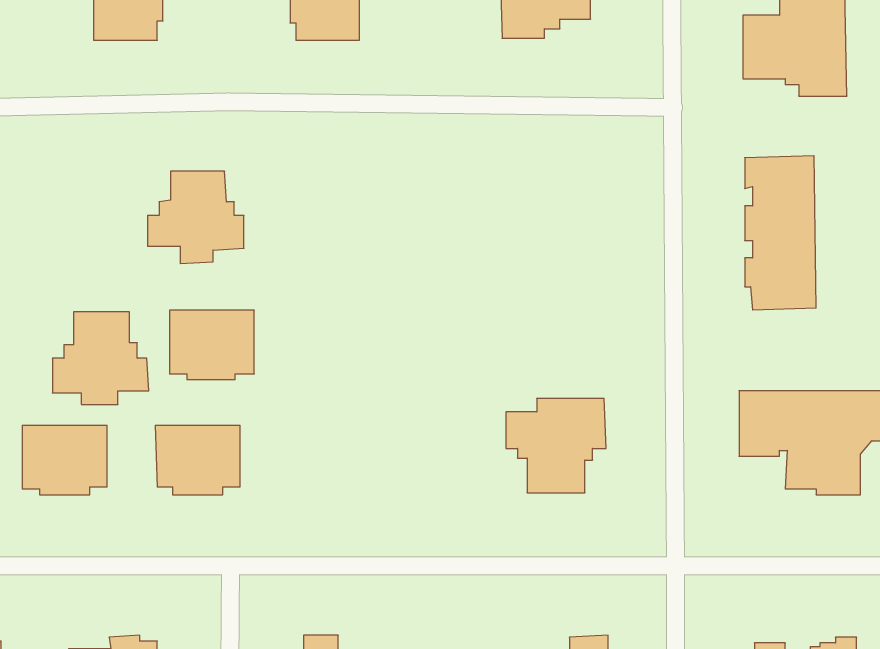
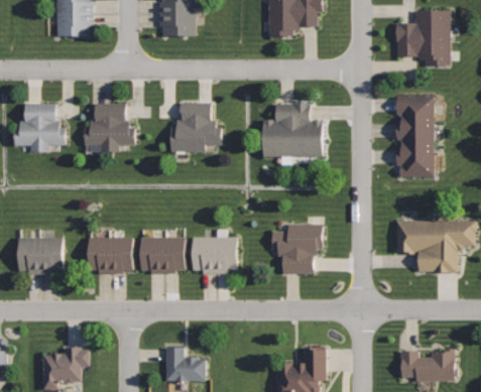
building: none -> [170,103,221,152]
building: none -> [262,103,321,157]
building: [170,310,254,380] -> [140,237,185,273]
building: [52,312,149,404] -> [14,104,65,152]
building: none -> [192,237,237,274]

